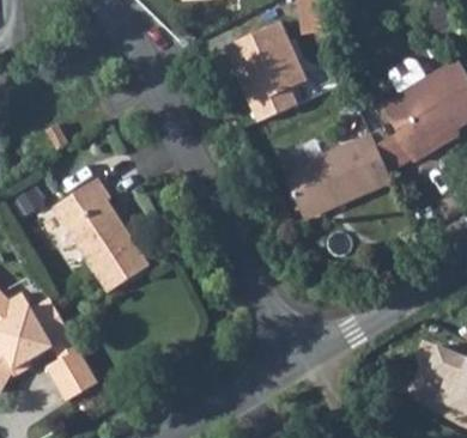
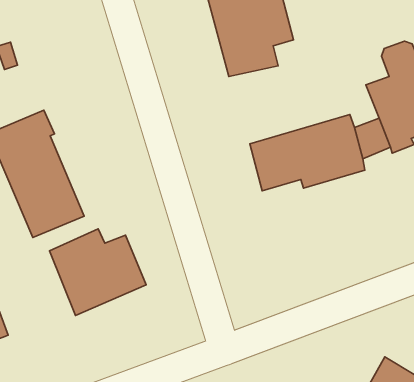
building: none -> [49,229,146,316]

